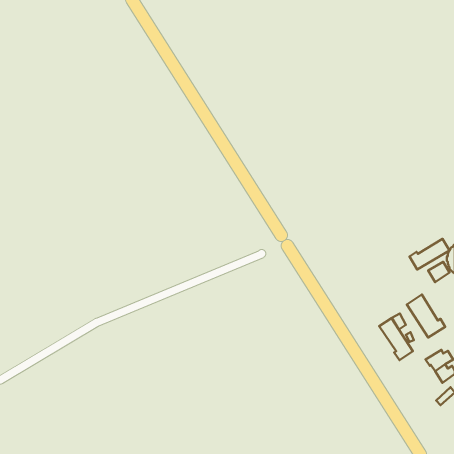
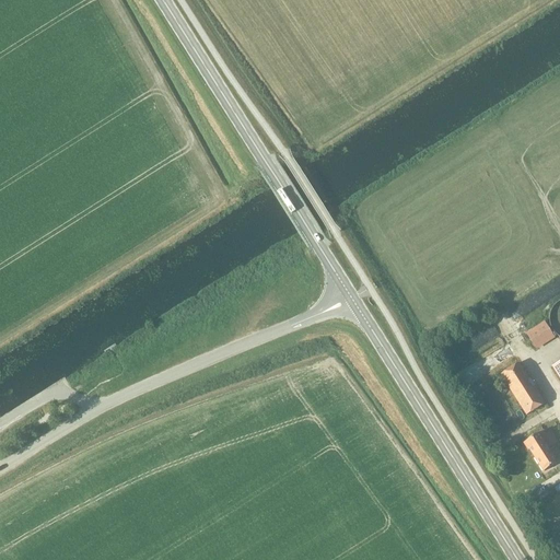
building: [409,239,449,269] -> none
building: [379,318,413,360] -> none

